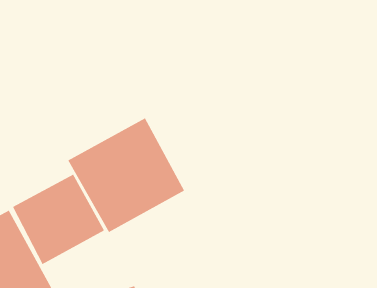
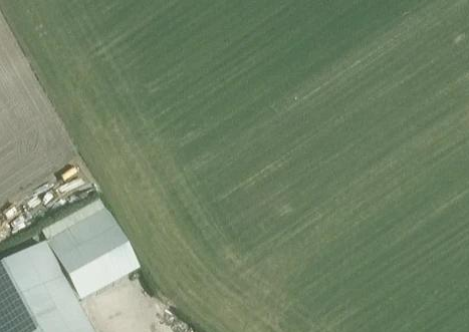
building: [68,118,185,233] -> none

